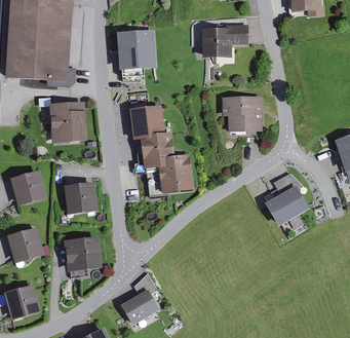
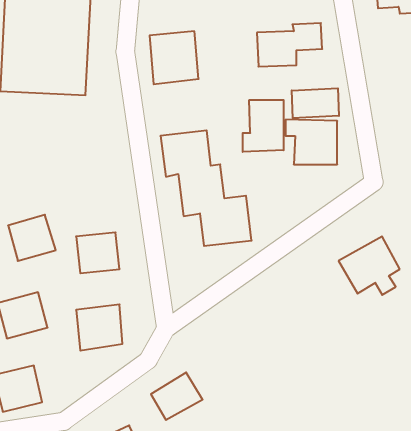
building: none -> [292,88,339,118]
building: none -> [243,100,284,152]
building: [49,103,86,142] -> none

